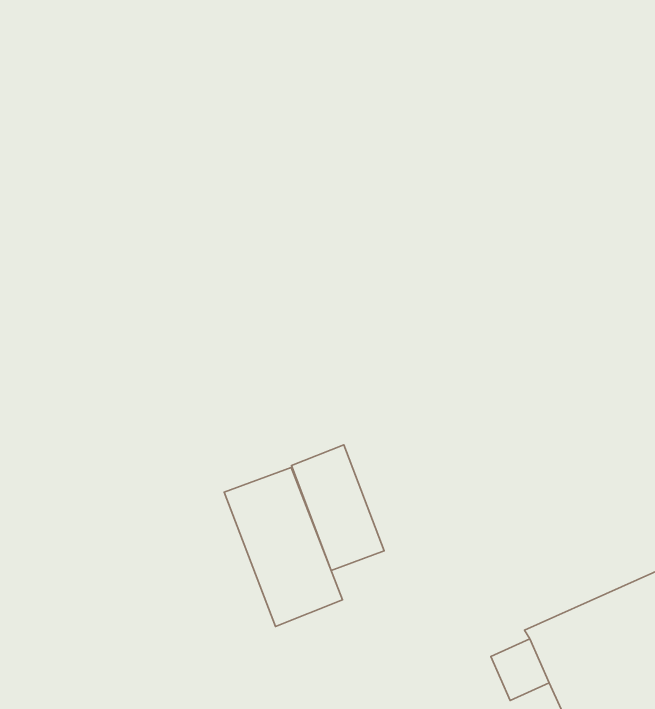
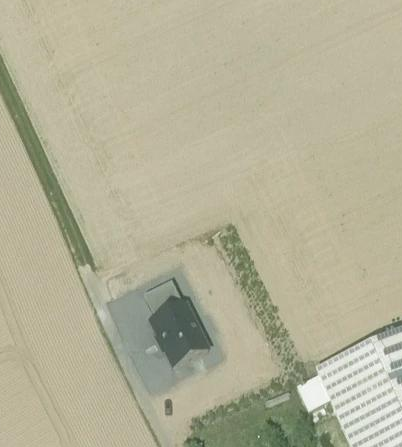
building: [292,445,384,570] -> none

